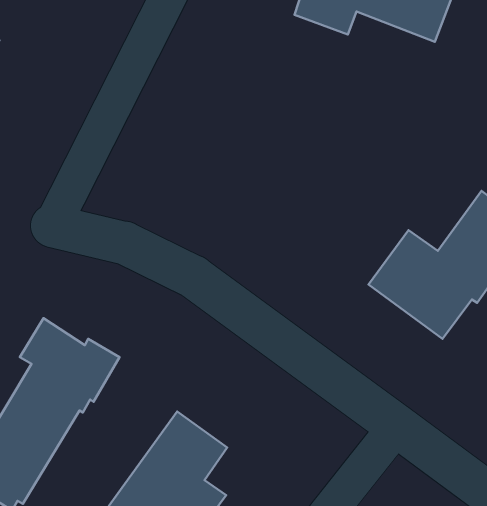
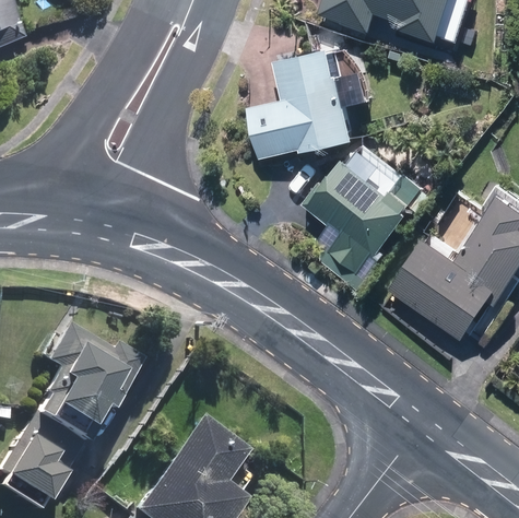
building: none -> [250,42,374,163]
building: none -> [306,144,437,295]

